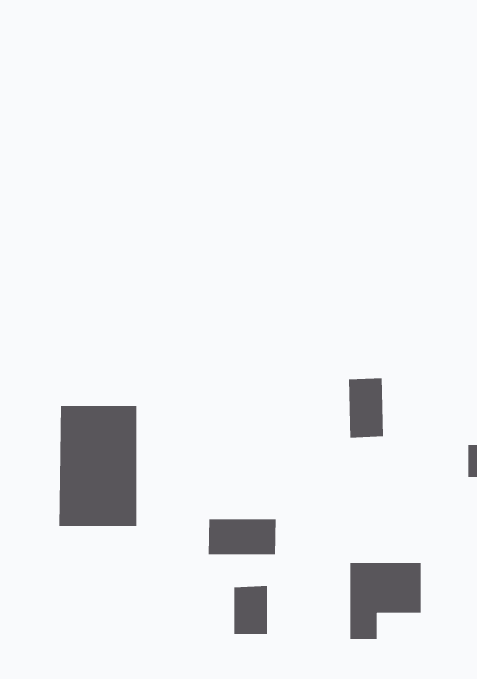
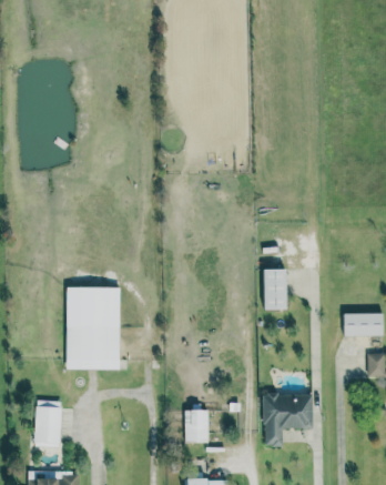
building: [208,518,276,555] -> none
building: none -> [34,400,62,446]

